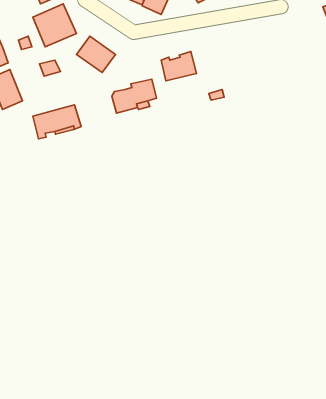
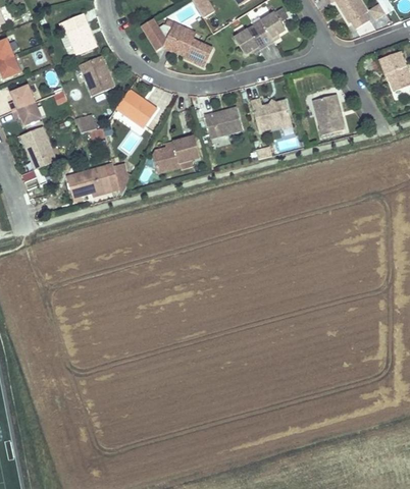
building: none -> [313,94,345,134]
building: none -> [251,98,291,130]

